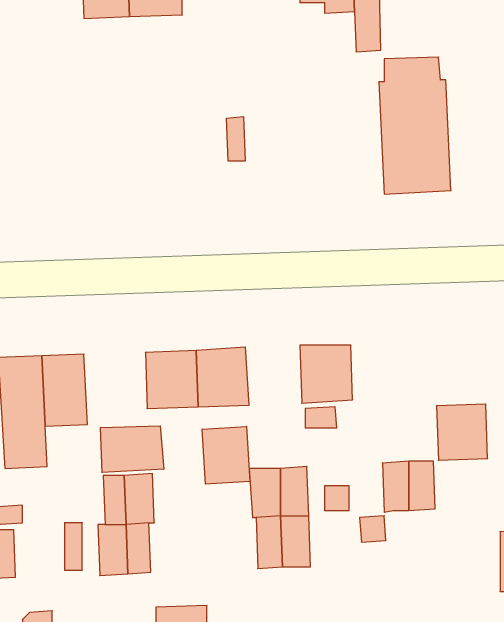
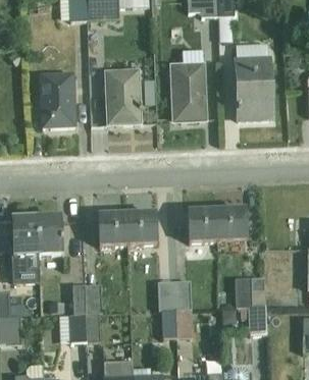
building: none -> [169,61,207,122]
building: none -> [104,67,142,125]
building: none -> [40,70,76,127]
building: [437,404,488,460] -> [216,208,246,240]
building: [100,426,164,473] -> none
building: [202,426,250,484] -> none
building: none -> [241,304,267,333]

